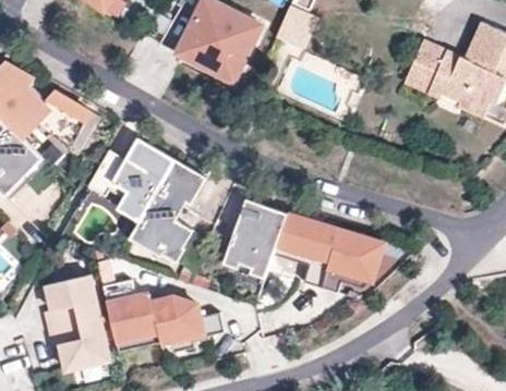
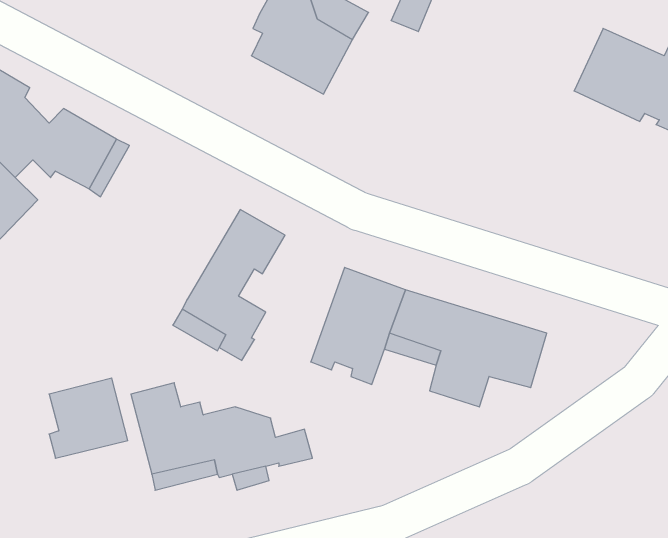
building: [87,138,174,221] -> none
building: [49,317,109,370] -> none

